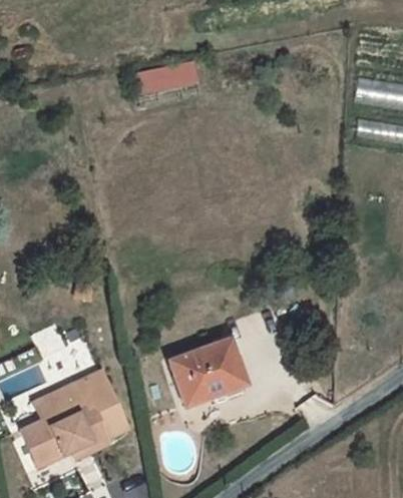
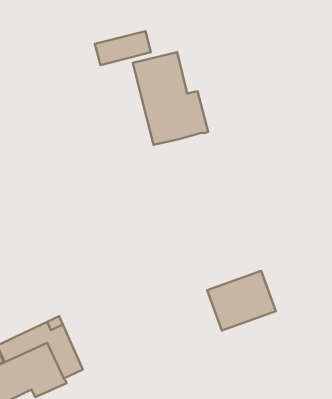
building: none -> [133,52,208,145]
building: [168,340,244,405] -> [207,271,276,330]

